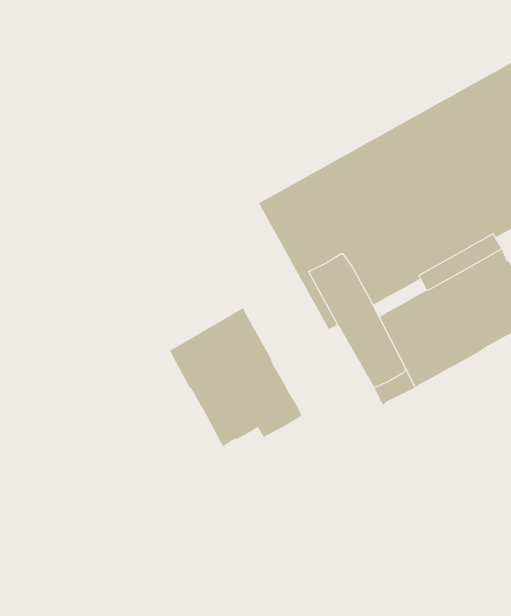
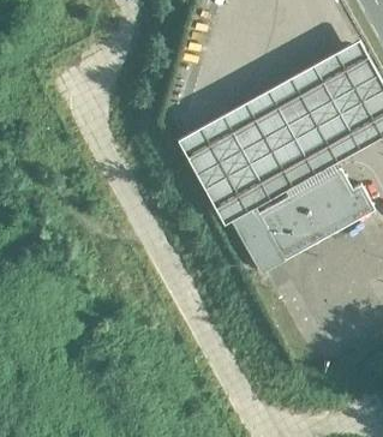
building: [170,307,302,447] -> none

